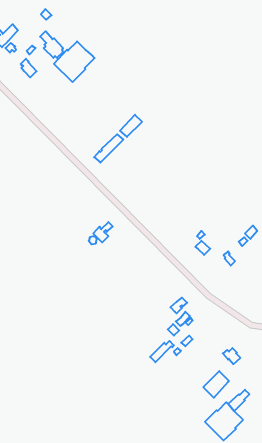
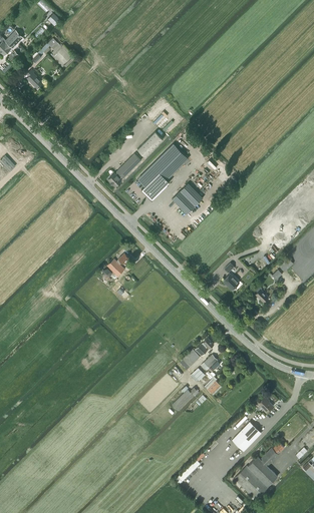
building: [54,41,95,82] -> none
building: none -> [137,144,189,194]
building: none -> [172,183,203,214]

